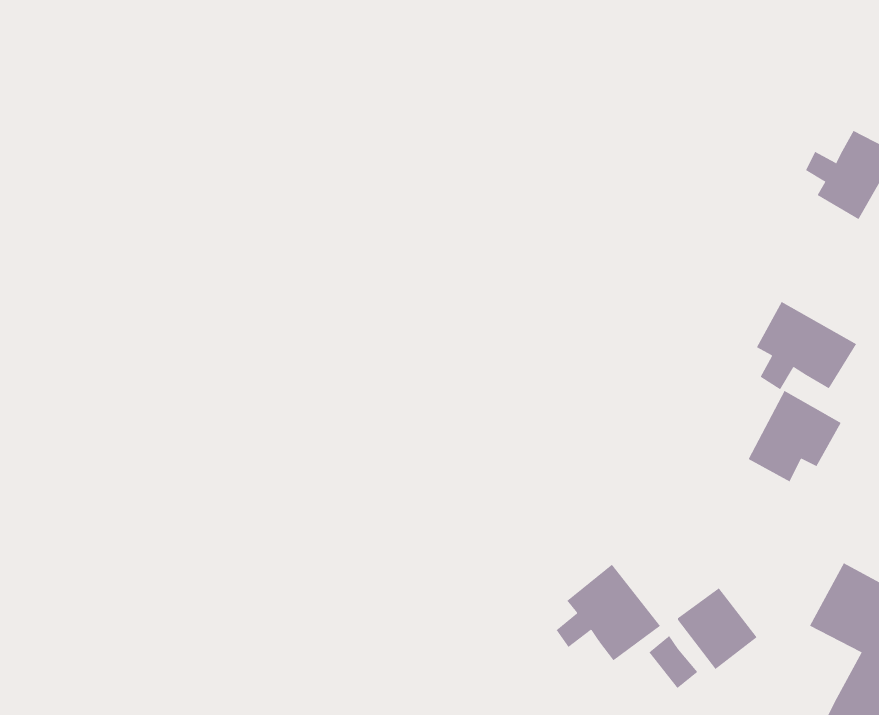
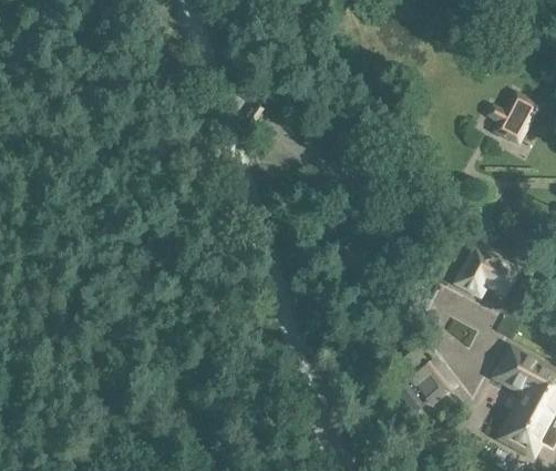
building: [756,301,857,390] -> none
building: [556,564,661,661] -> none

